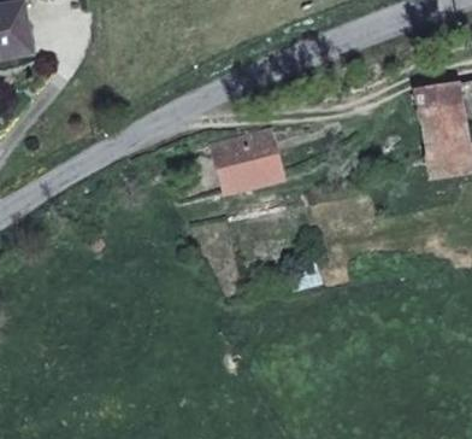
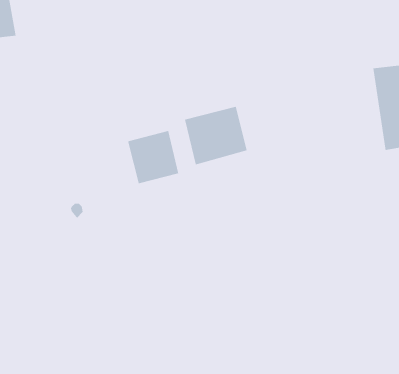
building: none -> [127,130,179,184]

